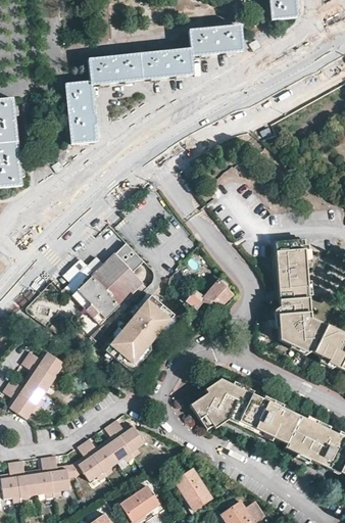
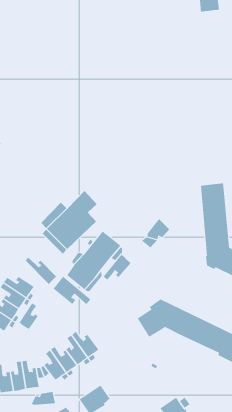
building: [65,26,242,143] -> none
building: none -> [103,254,132,281]
building: none -> [25,257,57,285]
building: none -> [53,276,91,305]
building: none -> [19,302,39,330]
building: [175,469,211,510] -> none
building: none -> [31,391,56,406]

